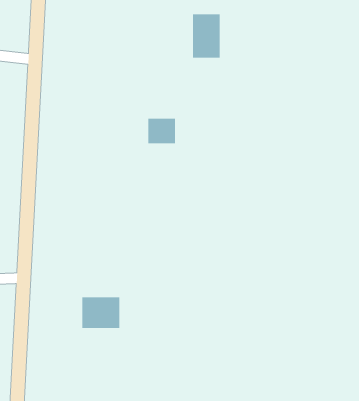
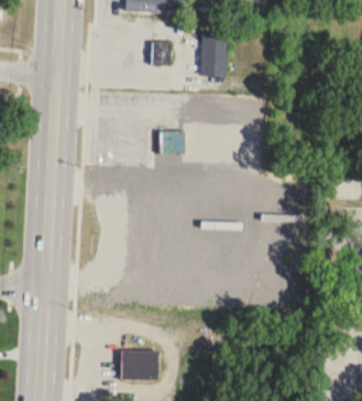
building: [81,297,120,329] -> [122,351,158,381]

